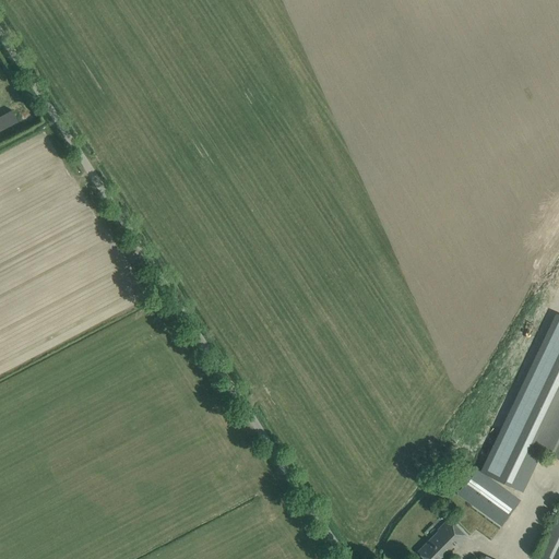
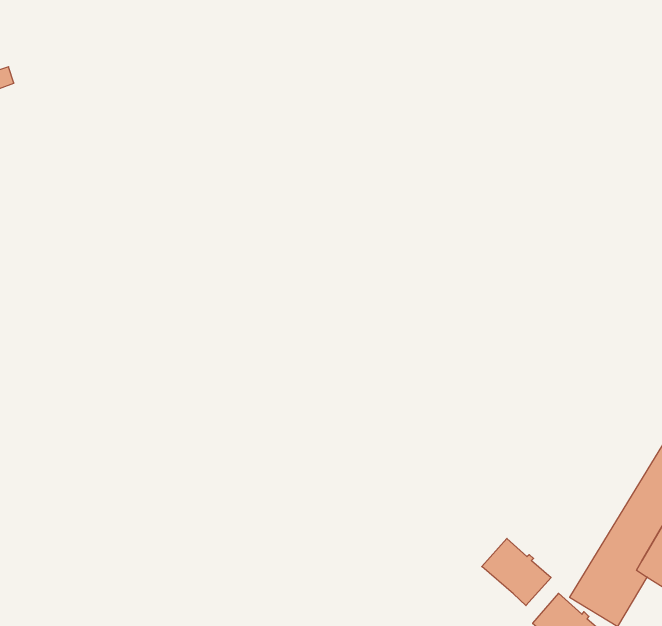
building: none -> [482,538,551,606]

